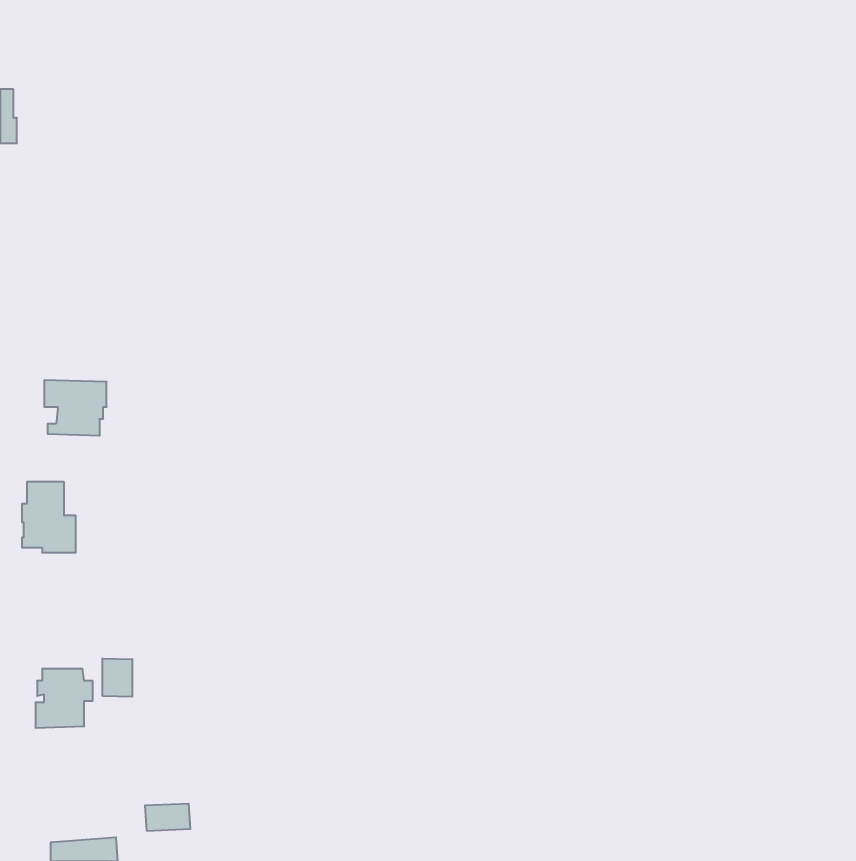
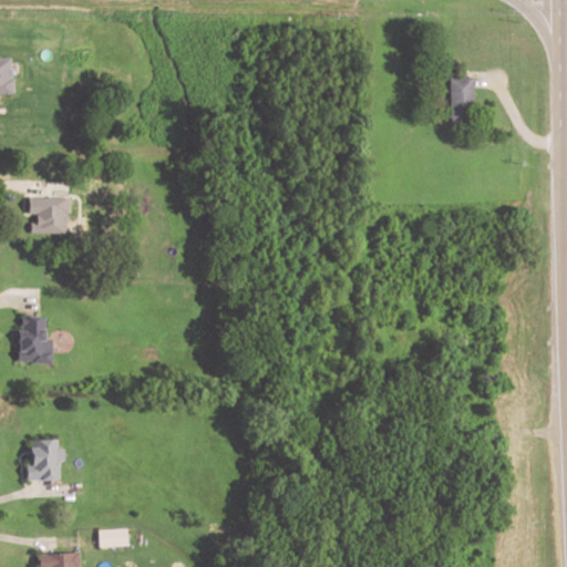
building: none -> [451,78,474,124]
building: [44,380,107,436] -> [29,197,70,234]
building: [102,658,132,697] -> none

